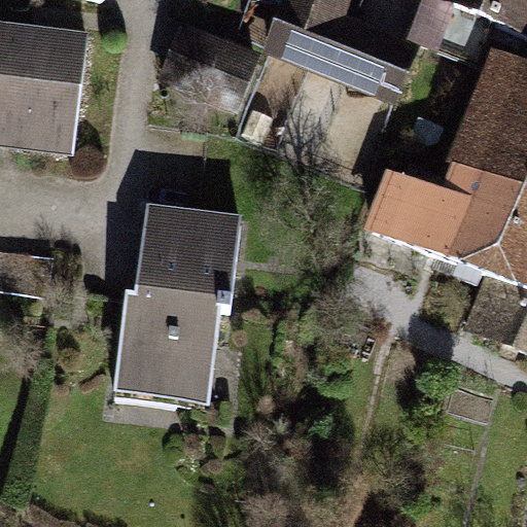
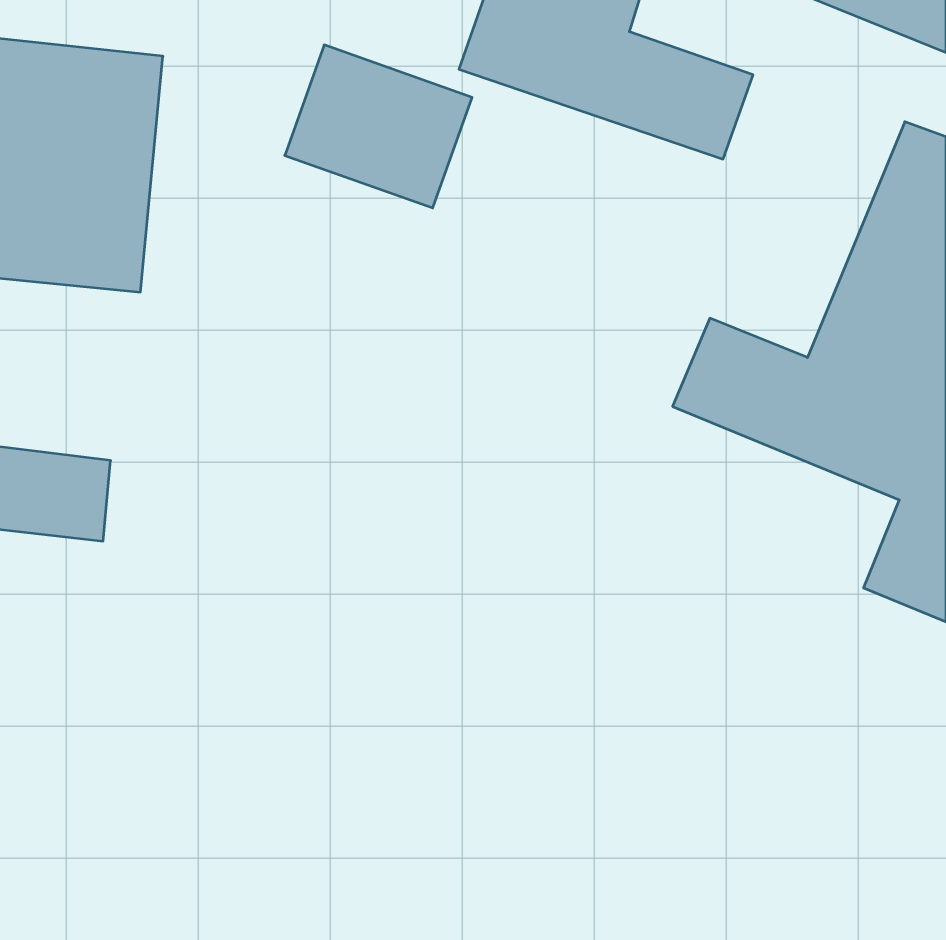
building: [115,202,239,399] -> none

